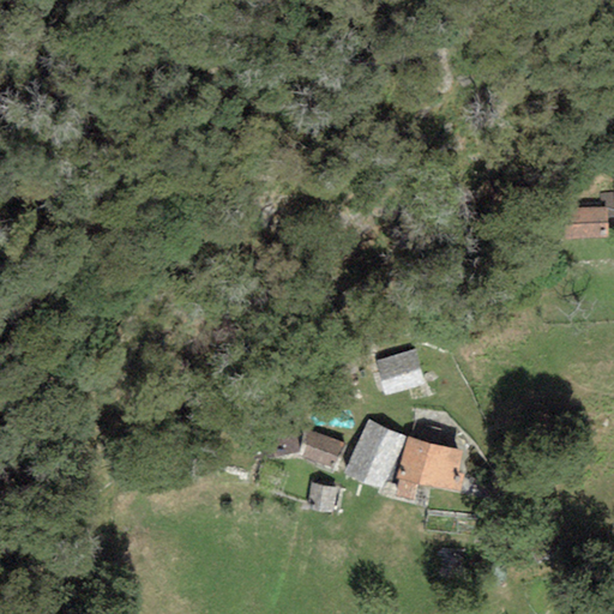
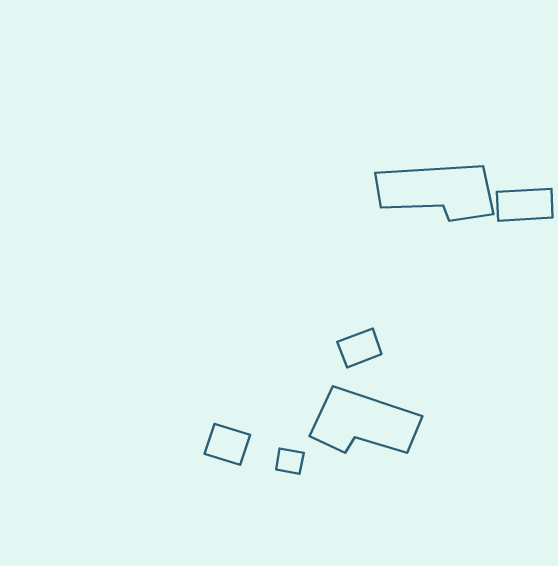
building: none -> [375,166,494,221]
building: [297,426,347,470] -> [205,424,250,465]

